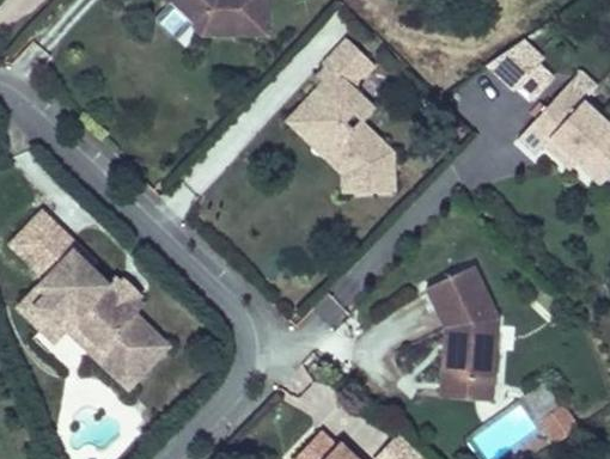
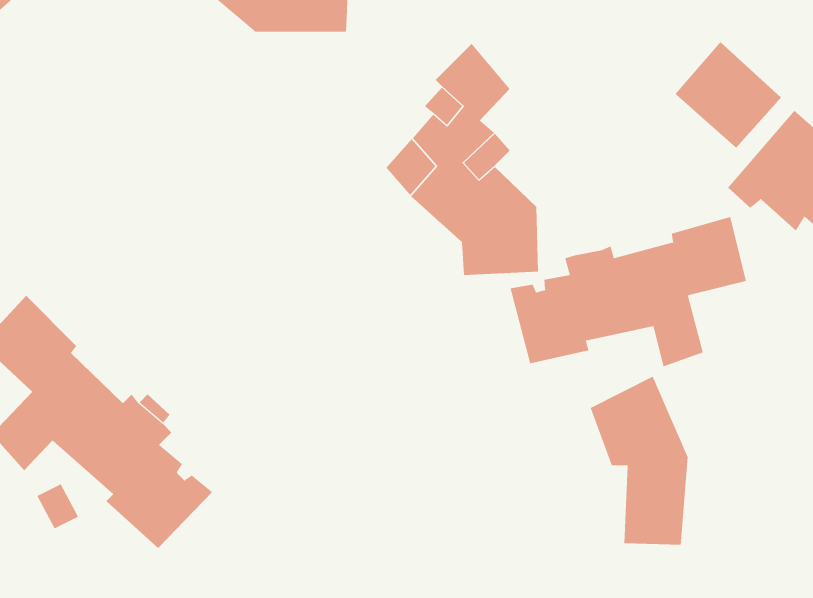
building: none -> [510,216,747,367]
building: [44,307,135,386] -> none
building: [438,324,490,396] -> none

